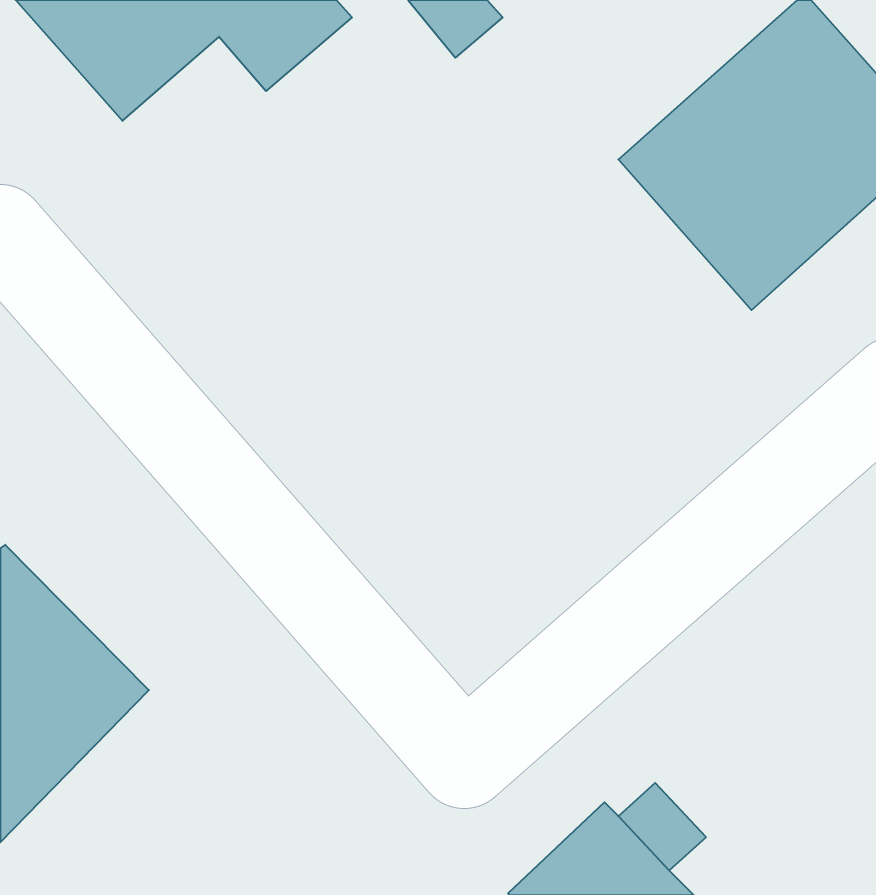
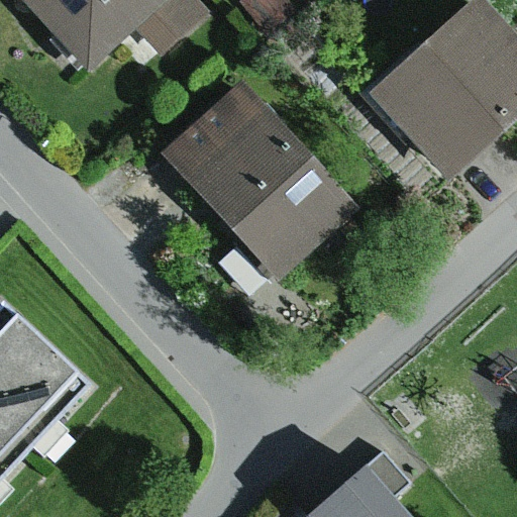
building: none -> [165,82,356,279]

